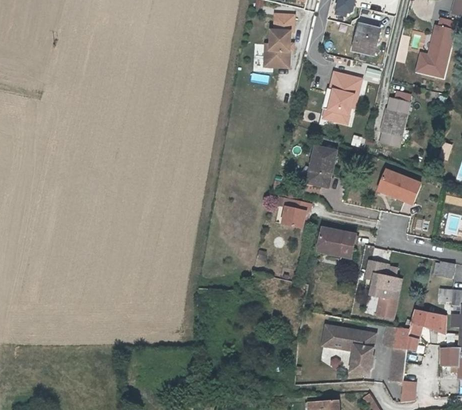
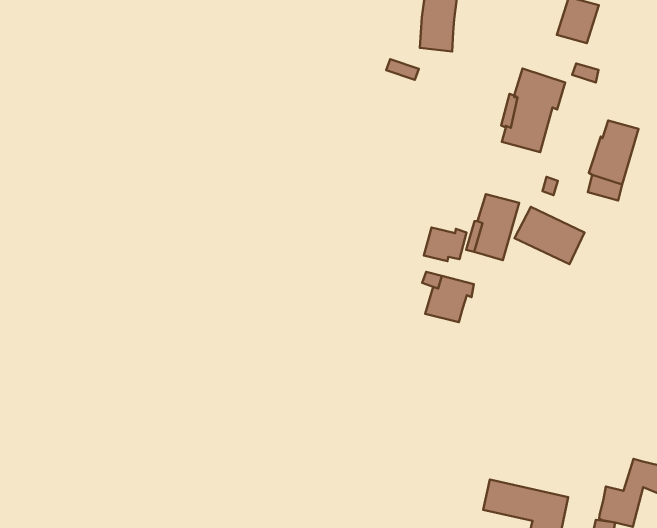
building: [376,171,419,205] -> [514,207,584,264]
building: none -> [424,228,466,261]
building: [318,229,356,260] -> none
building: [367,260,401,318] -> none

